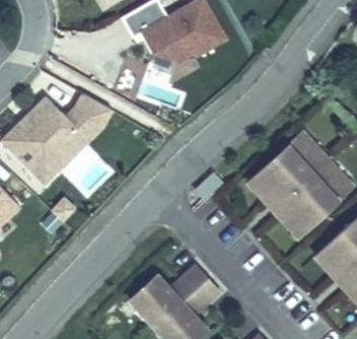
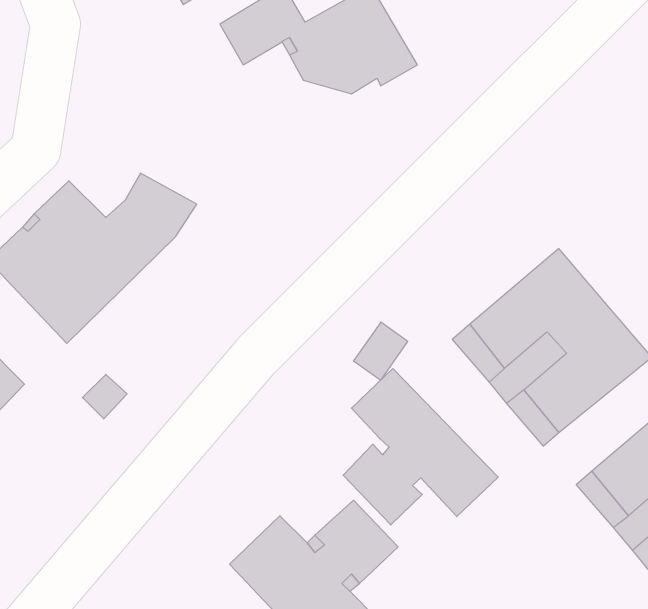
building: none -> [343,369,498,525]

